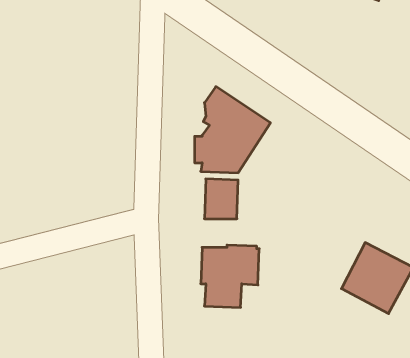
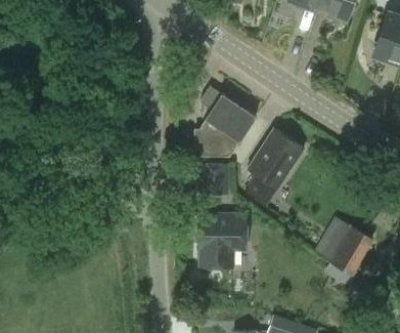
building: none -> [247,128,305,207]

